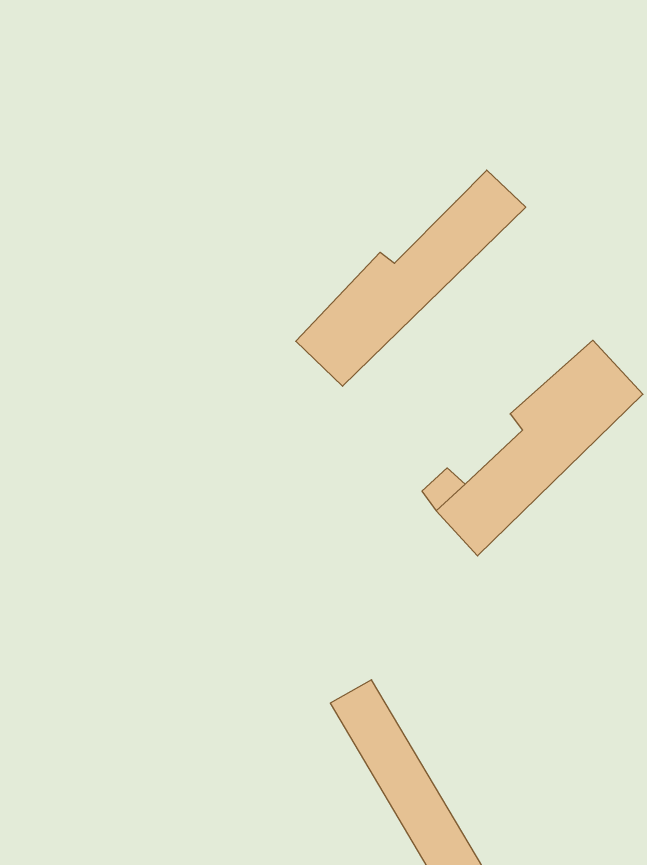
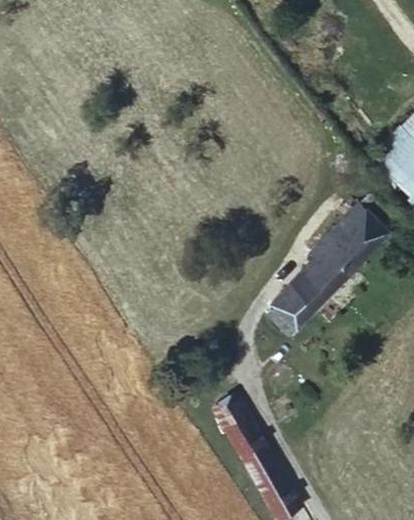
building: [296,170,526,386] -> none

